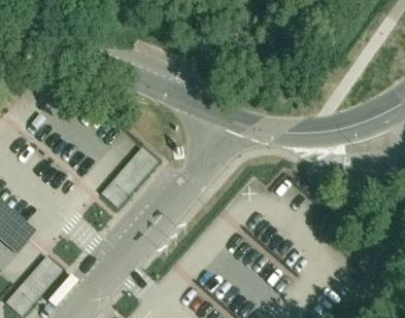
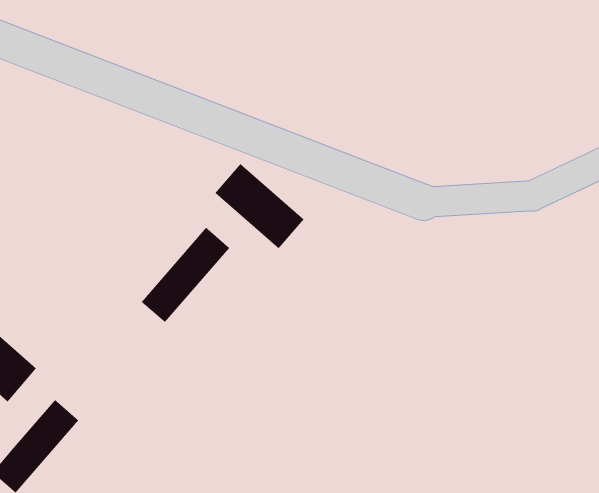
building: none -> [214,163,305,249]

